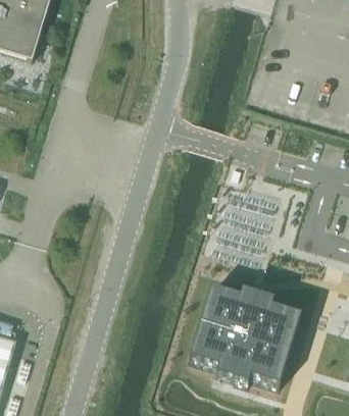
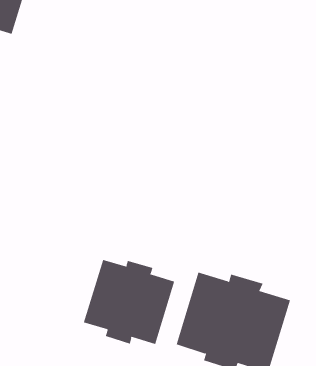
building: none -> [83,259,175,345]

